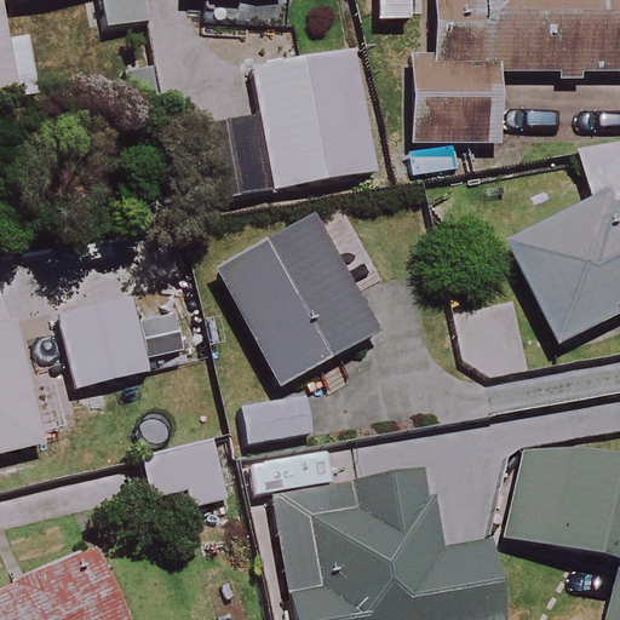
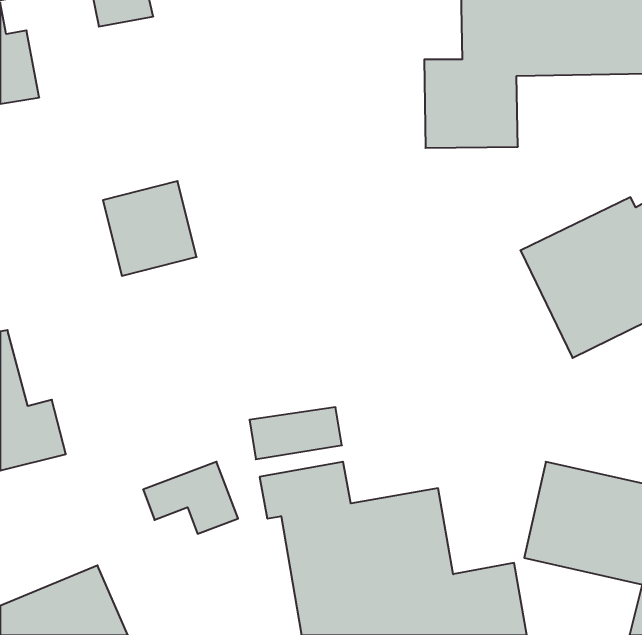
building: [184,45,375,201] -> none
building: [225,223,374,380] -> none
building: [58,295,148,386] -> [103,181,197,276]

